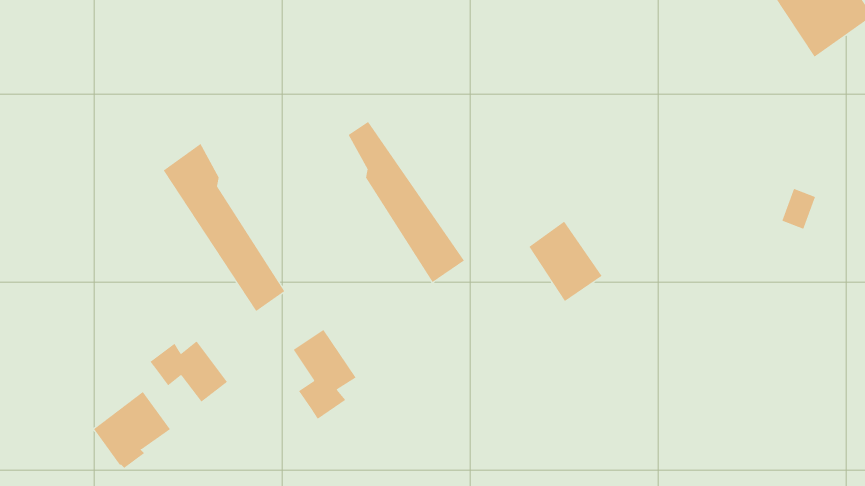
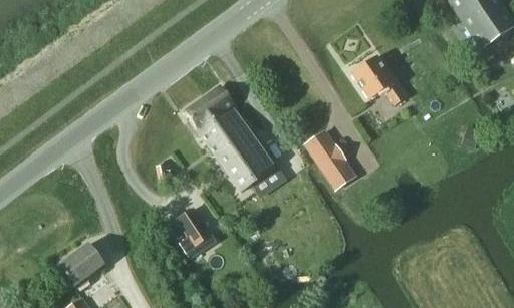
building: none -> [350,55,405,103]
building: [163,143,285,312] -> [186,92,257,191]
building: [150,340,228,402] -> none

